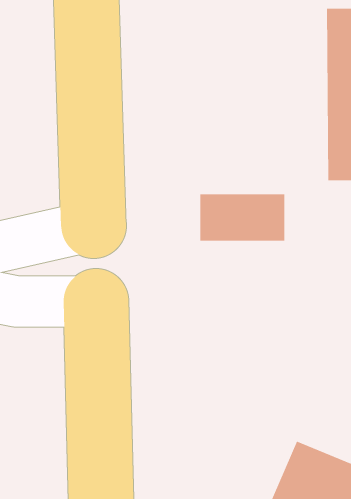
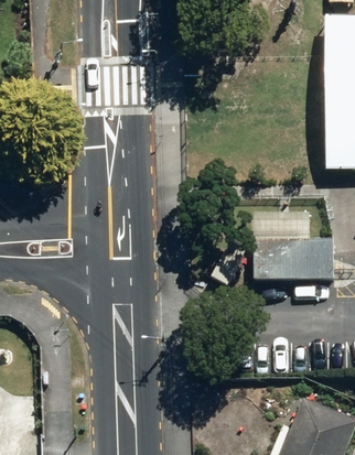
building: [199,194,285,241] -> [261,245,337,286]

